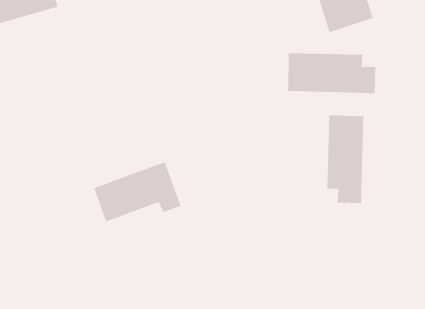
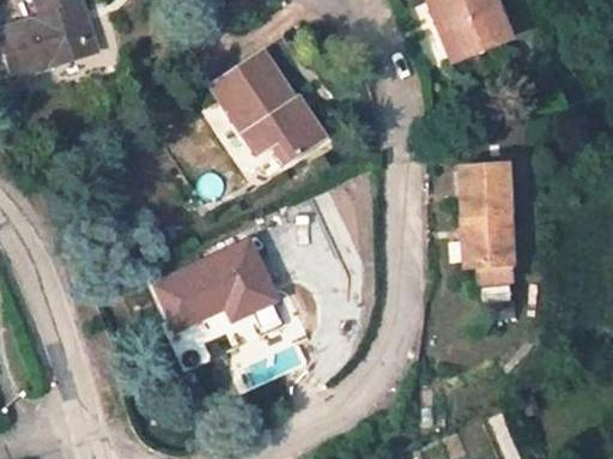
building: none -> [212,52,323,156]
building: [287,52,376,94] -> none

